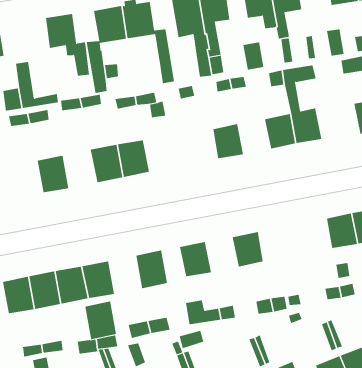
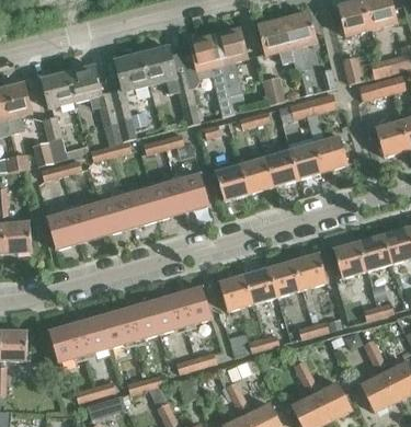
building: none -> [41,71,75,107]
building: none -> [264,150,298,186]
building: none -> [215,164,248,200]
building: none -> [174,173,208,211]
building: none -> [98,195,133,234]
building: none -> [47,210,81,249]
building: none -> [333,241,366,277]
building: none -> [294,252,327,288]
building: none -> [243,267,277,303]
building: [84,301,117,340] -> [151,293,185,333]

